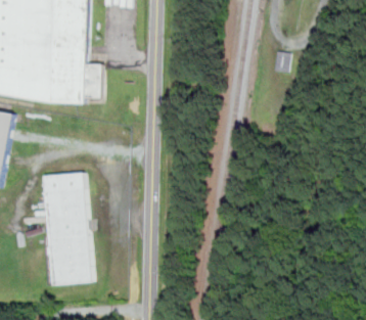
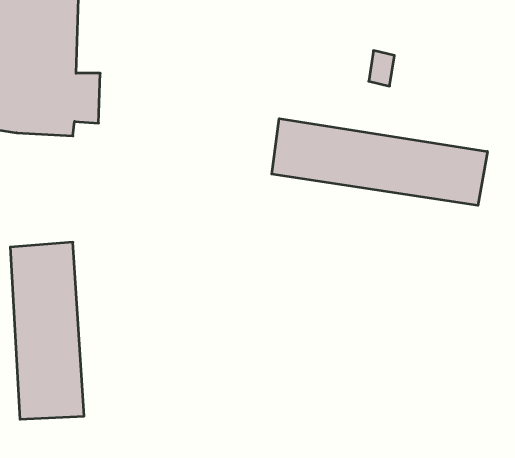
building: none -> [272,119,487,205]

